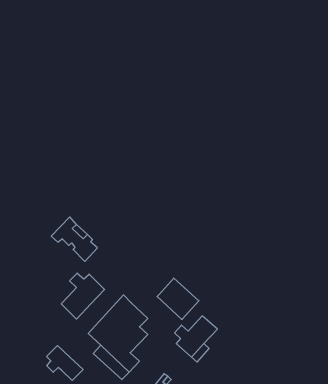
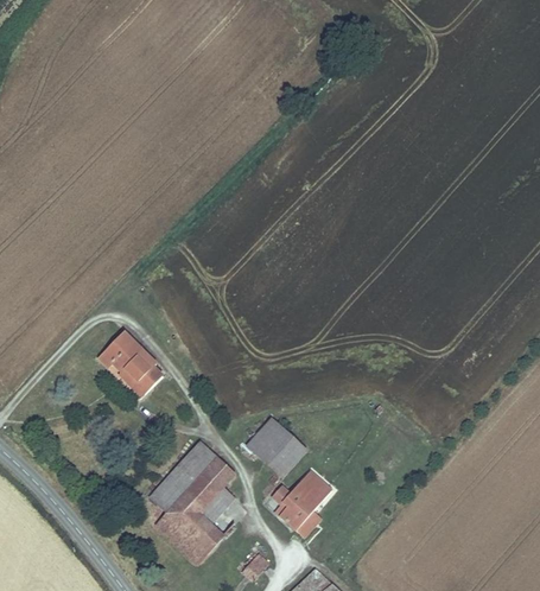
building: [61,273,105,319] -> none
building: [47,346,83,380] -> none

